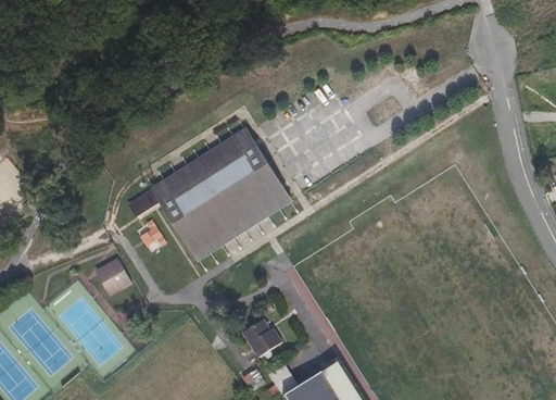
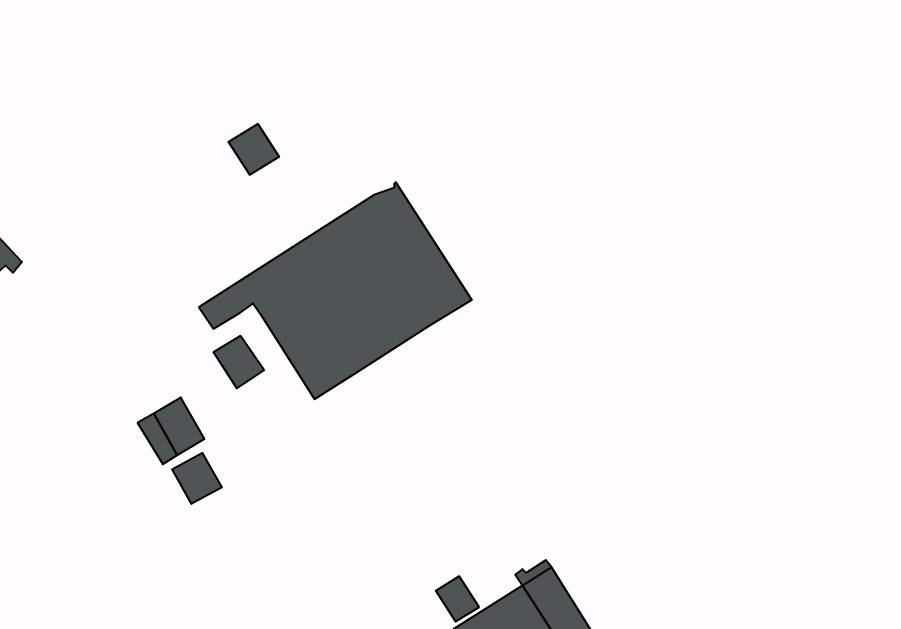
building: none -> [229,124,279,175]
building: none -> [172,453,222,504]
building: [240,318,281,357] -> none

